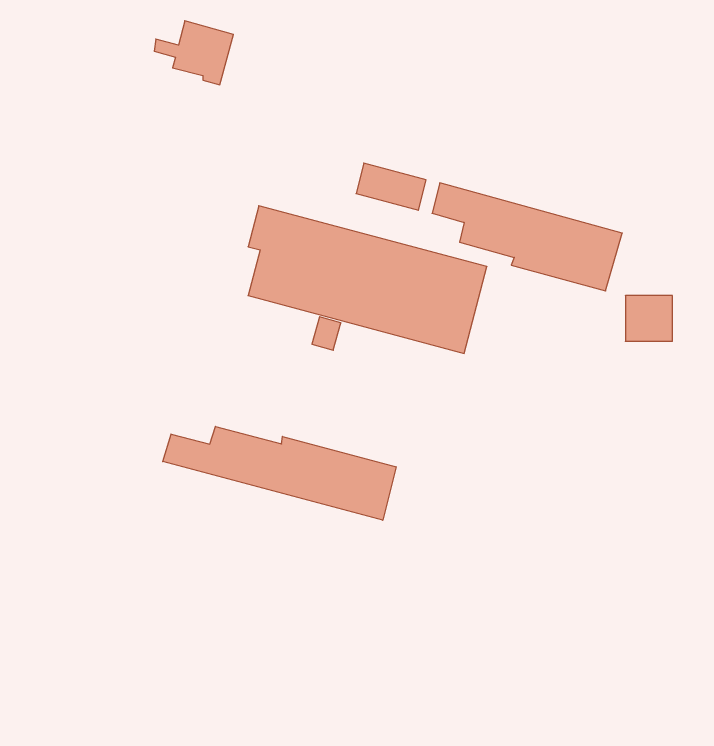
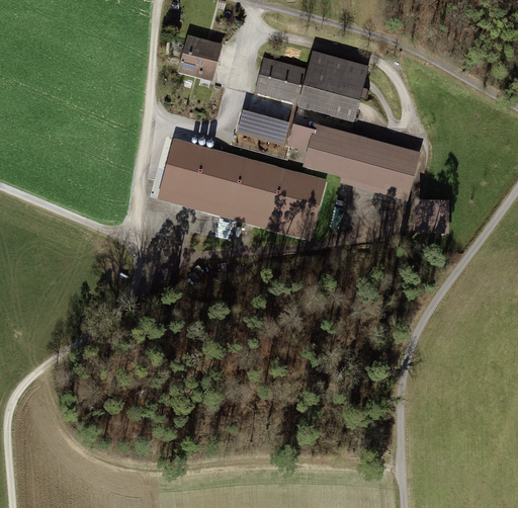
building: [154,21,233,85] -> [168,34,221,77]
building: none -> [255,50,368,118]
building: [163,426,396,520] -> none

